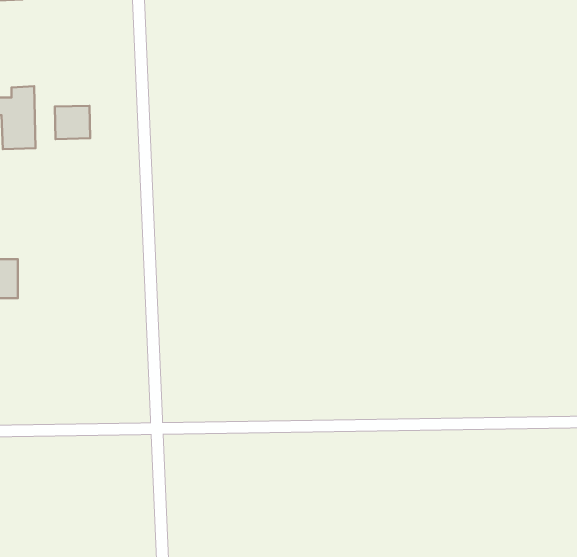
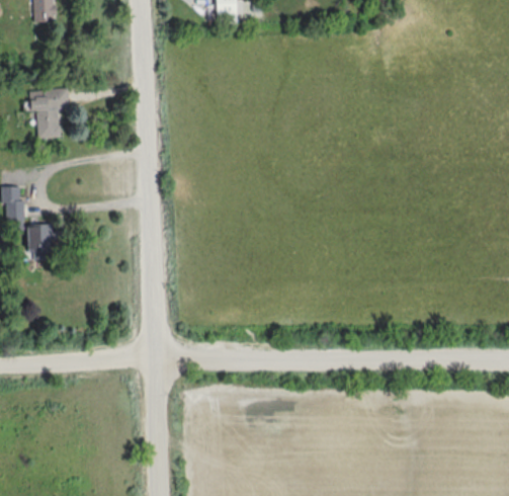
building: [55,106,90,139] -> none

